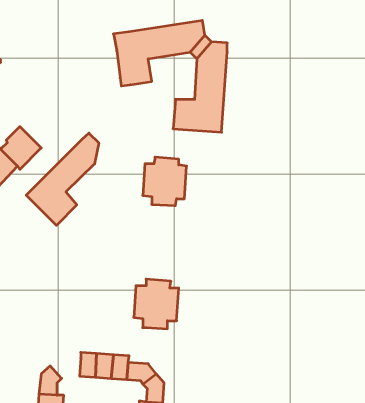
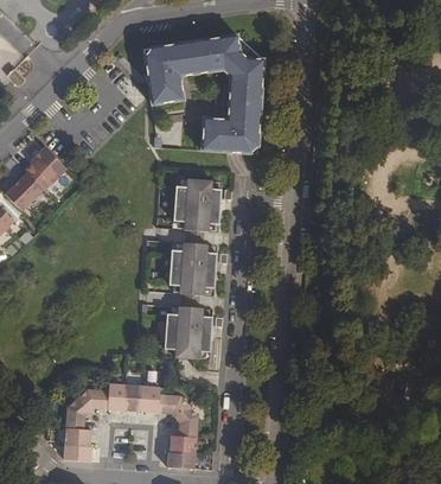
building: [26,133,99,225] -> none
building: none -> [170,243,216,295]
building: none -> [77,389,109,412]

